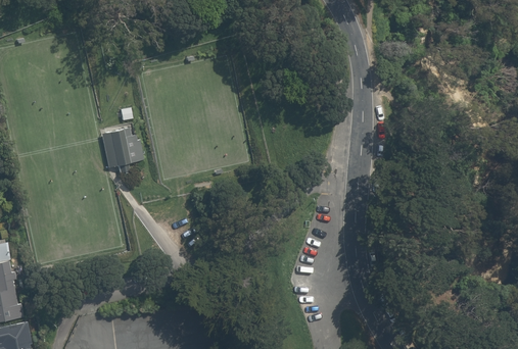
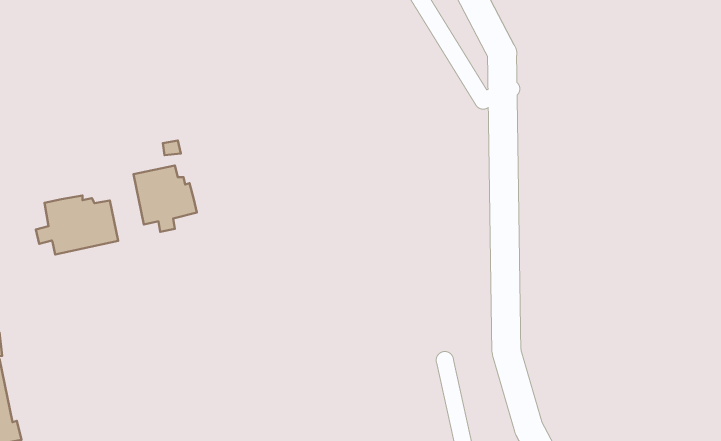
building: none -> [36,196,118,255]

